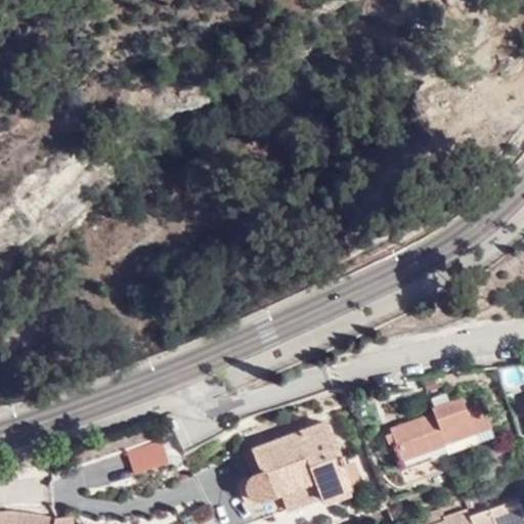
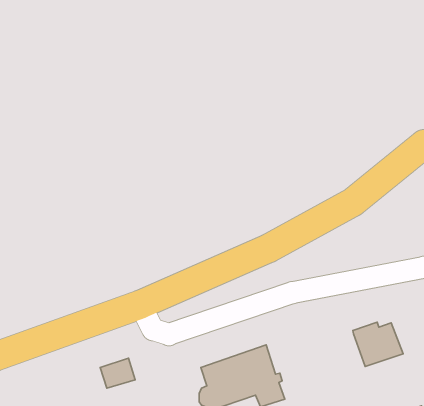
building: [389,412,446,467] -> none

